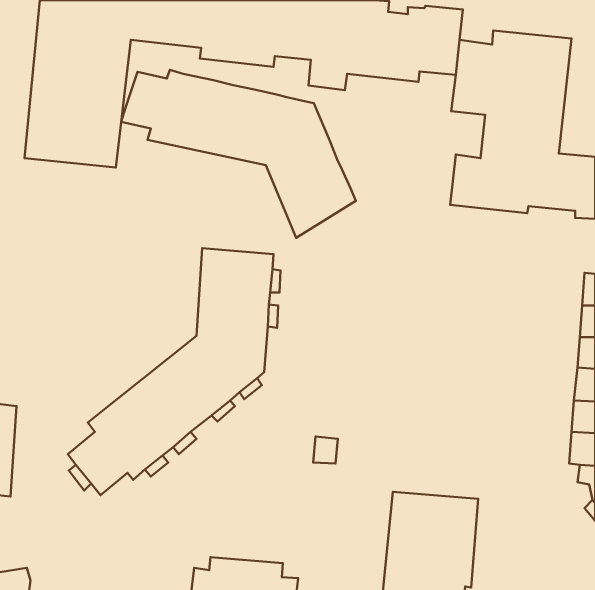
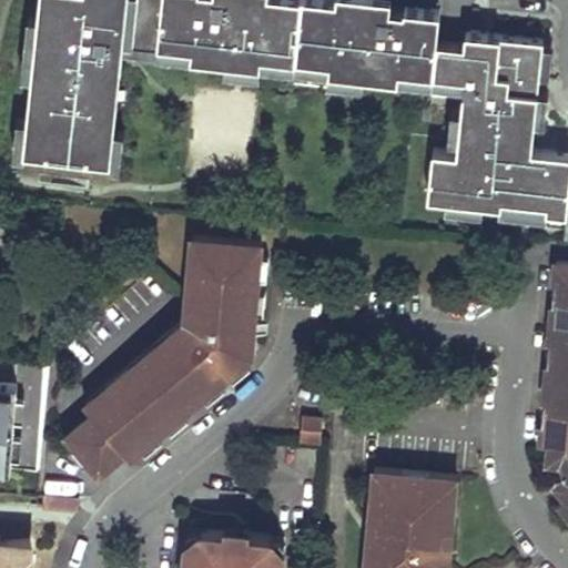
building: [121,70,356,238] -> none

